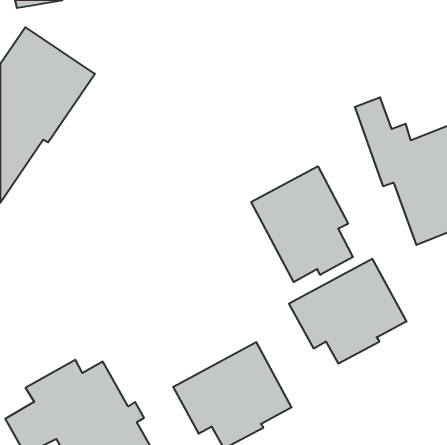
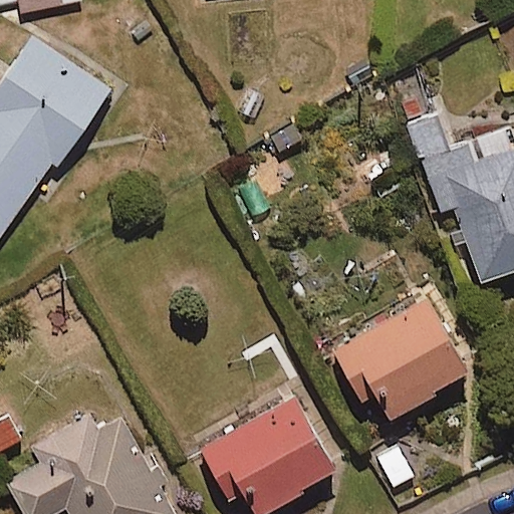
building: [251,166,353,282] -> none

